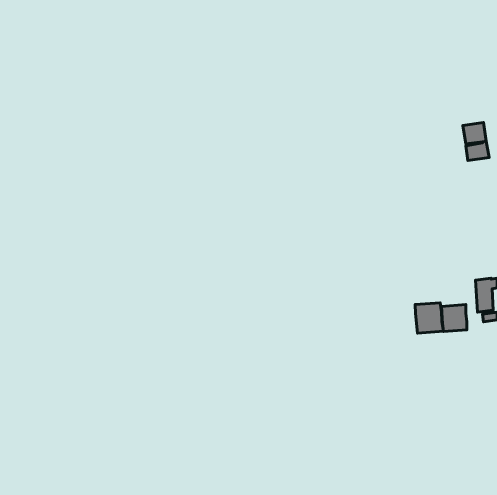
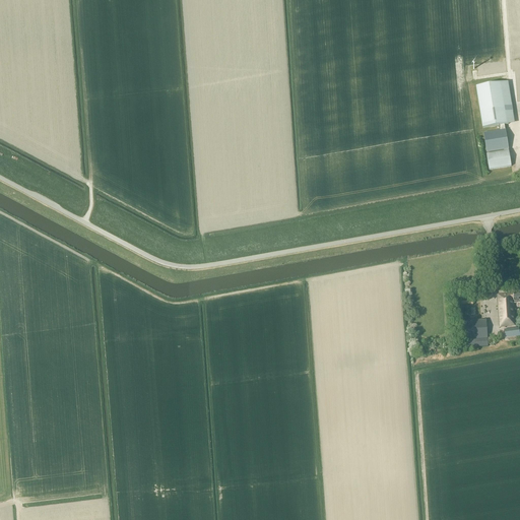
building: none -> [476,80,515,127]
building: [415,303,443,333] -> none

